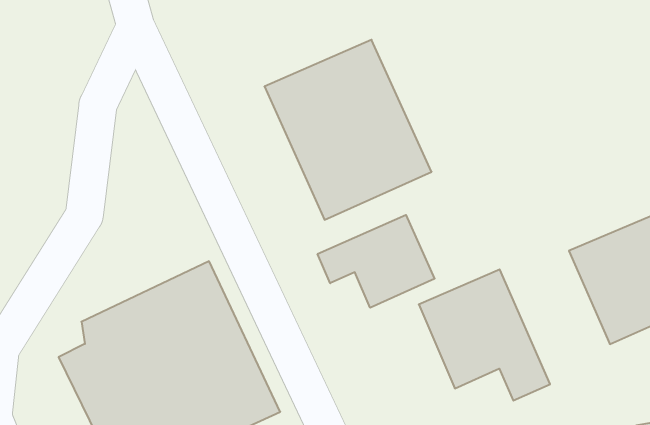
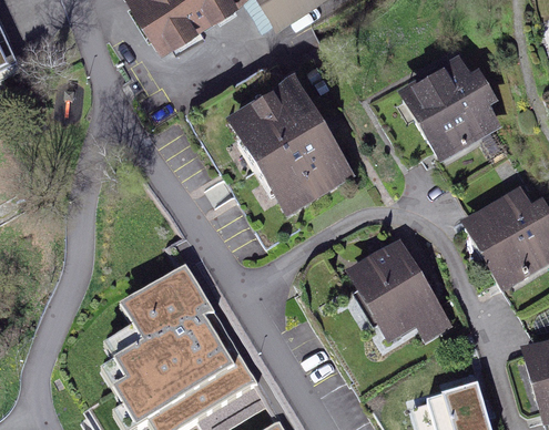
building: none -> [397,60,500,165]
building: [318,215,435,308] -> none

